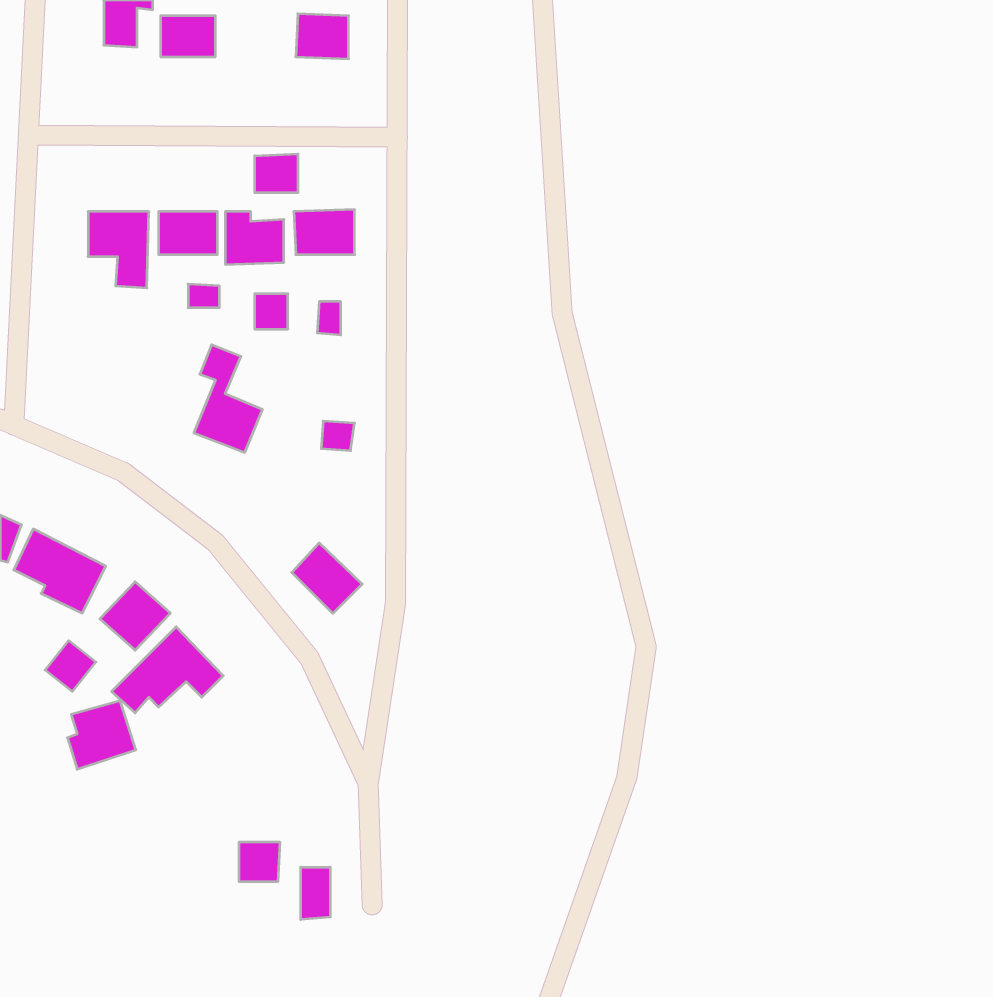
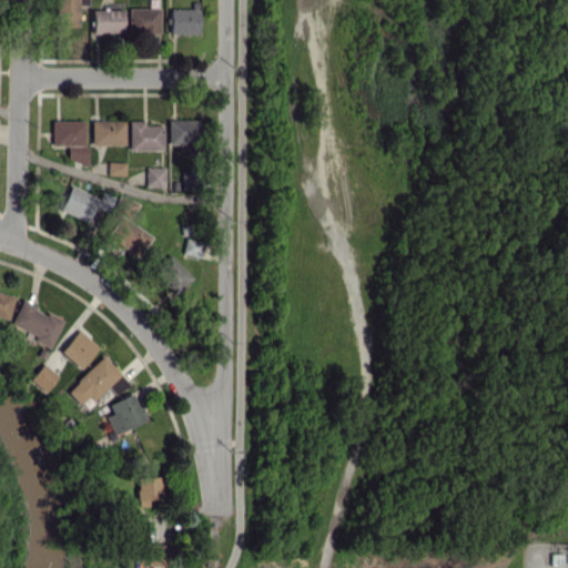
building: none -> [131,10,162,36]
building: [255,154,298,193] -> none
building: none -> [62,186,115,224]
building: [292,543,362,613] -> [156,256,196,296]
building: [67,701,136,769] -> [108,396,146,435]
building: [301,867,330,920] -> none

